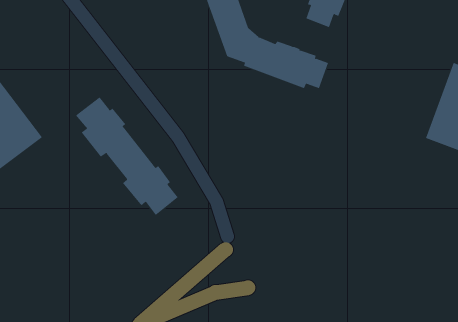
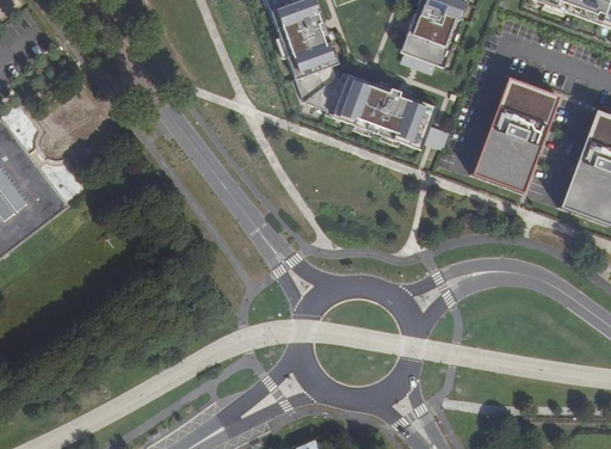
building: none -> [471,75,558,191]
building: [75,96,178,216] -> none

